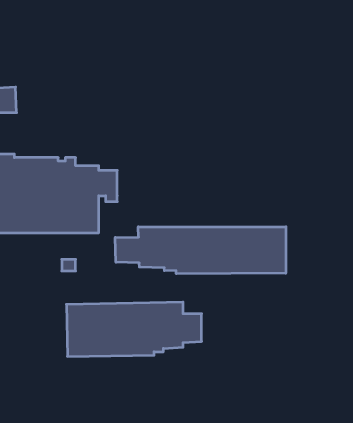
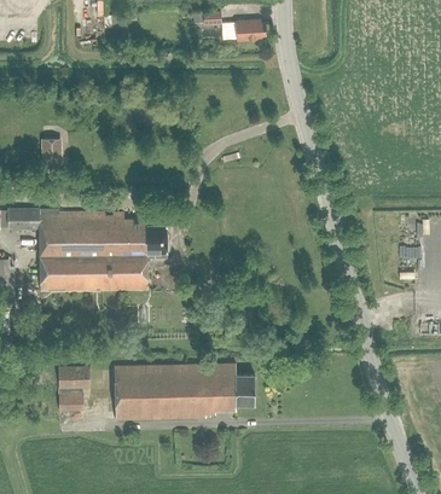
building: [115,227,286,274] -> none
building: none -> [57,366,89,409]

